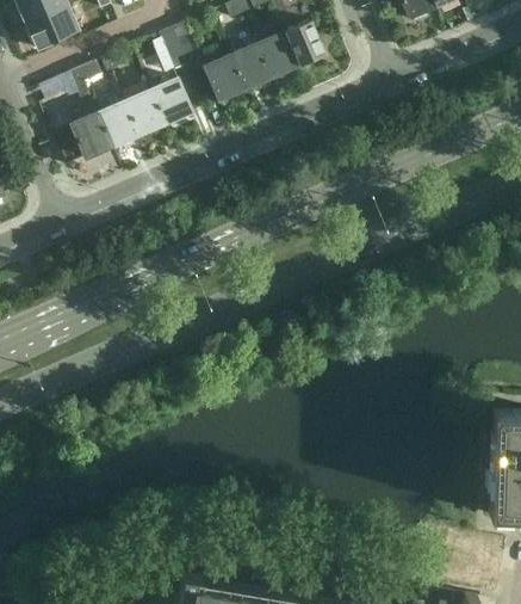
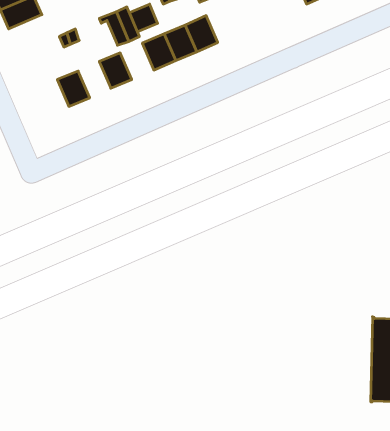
building: none -> [129,4,158,32]
building: [283,20,324,66] -> none
building: [43,60,100,99] -> none
building: [123,90,163,135] -> none
building: [69,112,111,158] -> none

